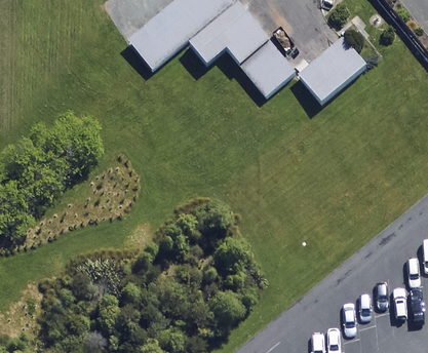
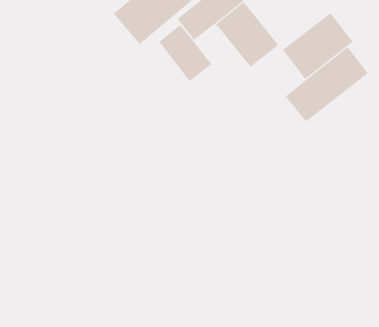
building: none -> [158,24,212,82]
building: none -> [285,46,368,122]

